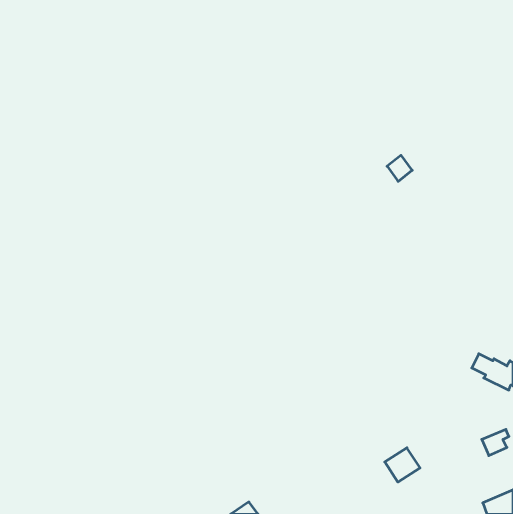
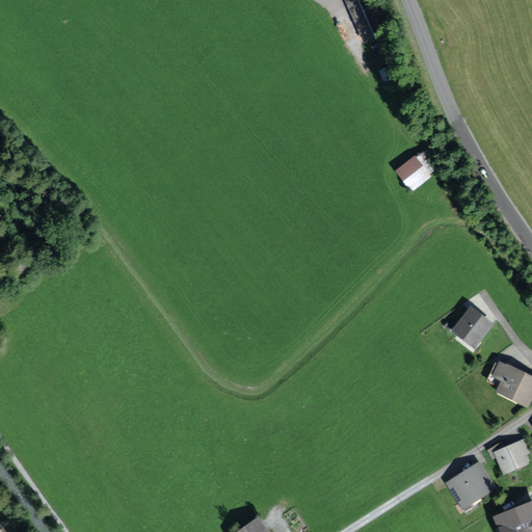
building: none -> [455,311,487,343]
building: [385,448,420,482] -> [453,466,489,501]

